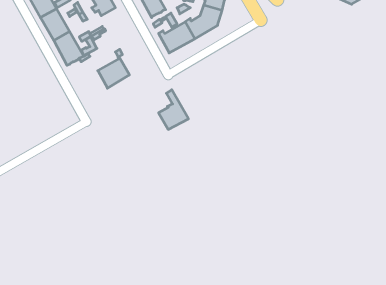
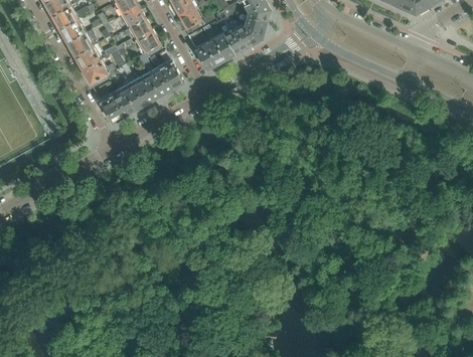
building: none -> [123,18,159,54]
building: none -> [99,90,135,123]
building: [159,90,188,129] -> [149,49,183,95]

